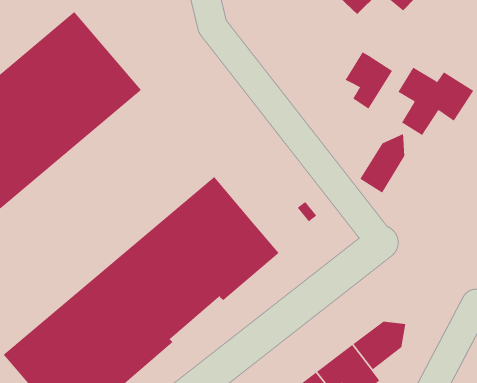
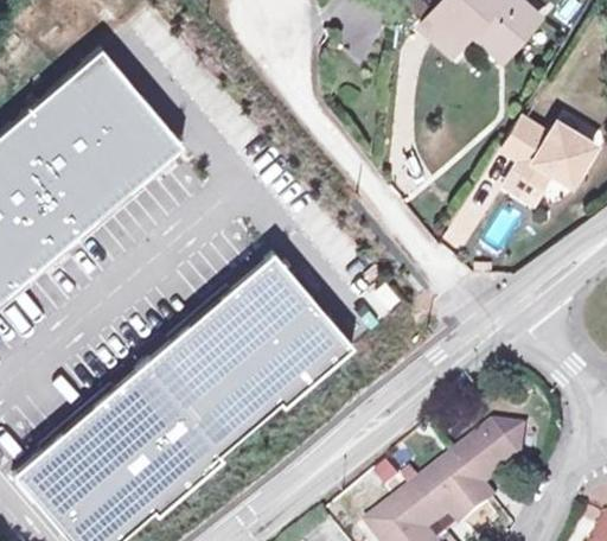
building: [345,51,393,110] -> none
building: [360,133,405,193] -> none

